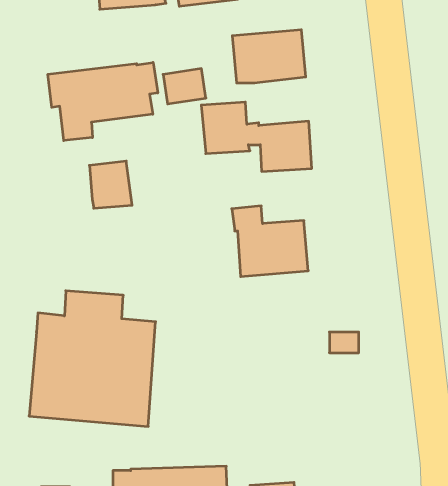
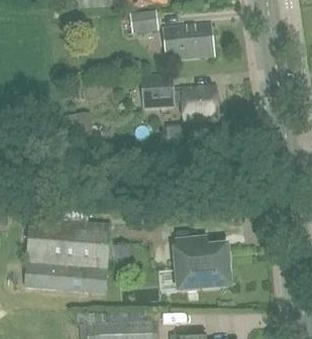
building: [48,62,158,141] -> none
building: [163,69,206,104] -> [129,8,159,32]
building: [232,206,308,277] -> [176,237,228,286]

